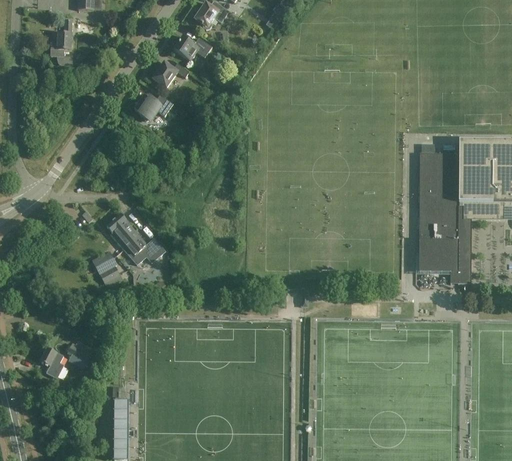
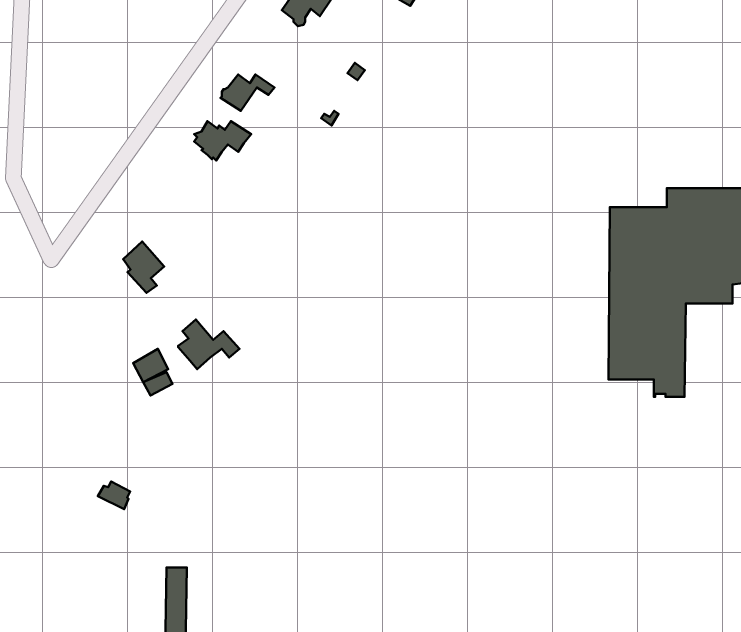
building: [50,19,71,55] -> none
building: [173,35,211,60] -> none
building: [107,213,135,248] -> [123,242,164,293]
building: [40,347,64,378] -> none

